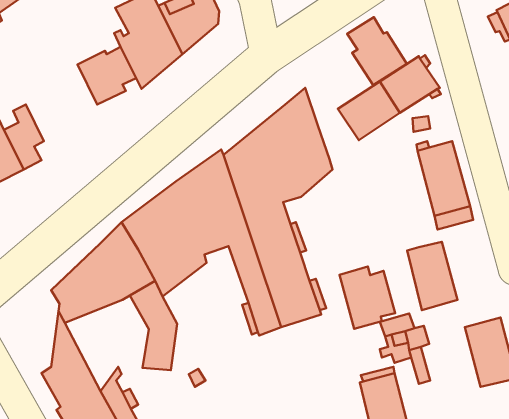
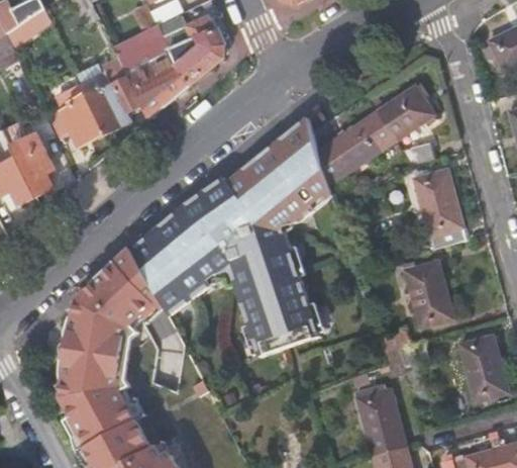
building: [347,17,407,85] -> none
building: none -> [50,94,106,141]
building: none -> [318,139,357,185]
building: [339,267,395,329] -> none
building: none -> [75,320,136,408]

